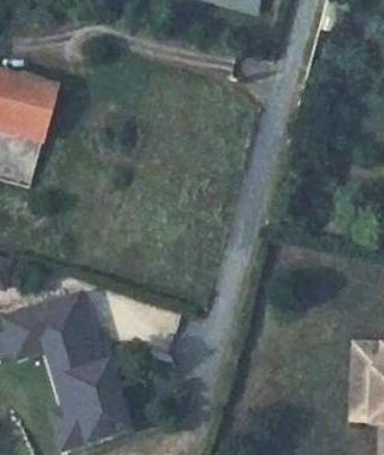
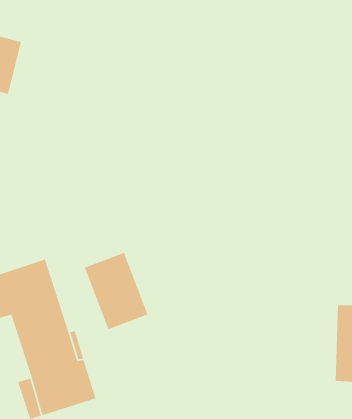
building: none -> [84,252,149,330]

